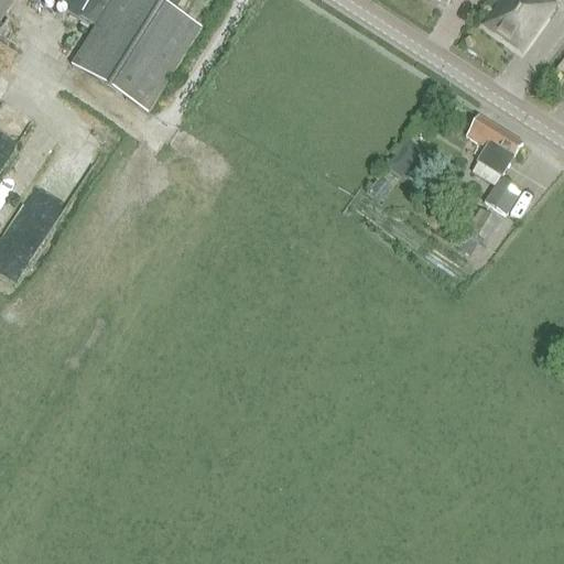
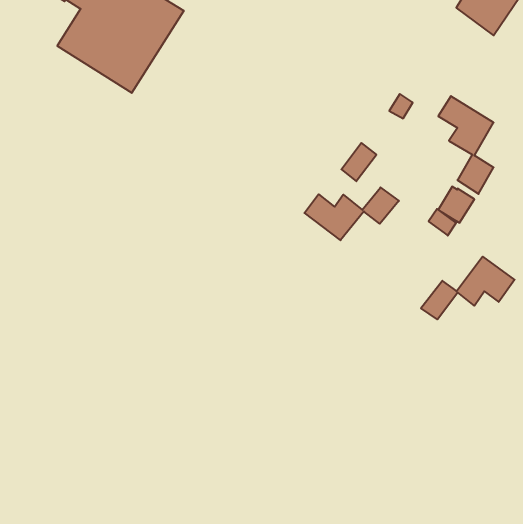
building: none -> [304,187,399,240]
building: none -> [421,257,515,319]

